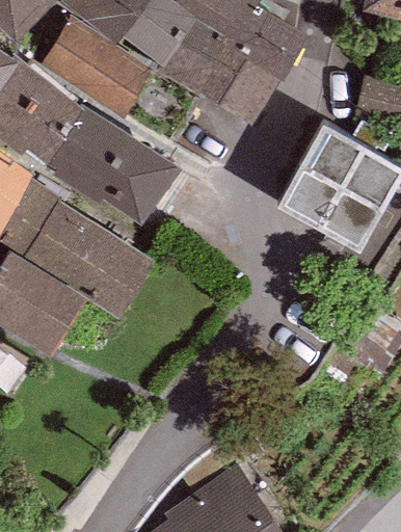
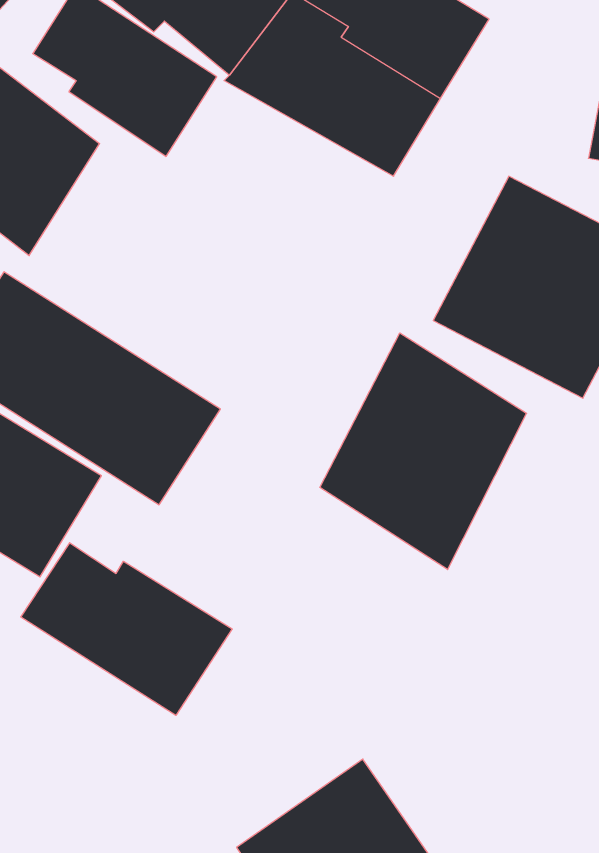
building: [43,106,181,232] -> none
building: none -> [320,333,527,570]
building: none -> [21,543,232,715]

